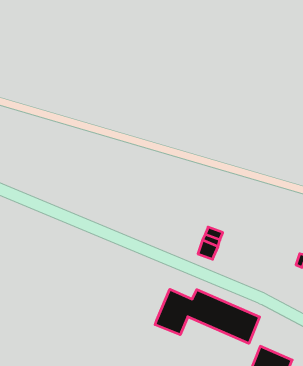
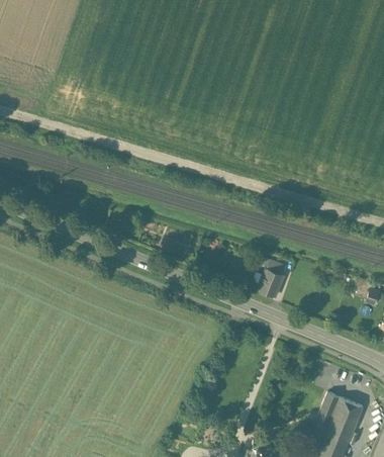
building: [155,289,260,343] -> none

